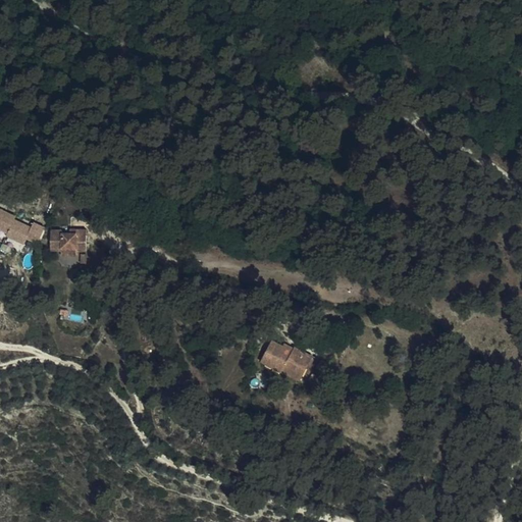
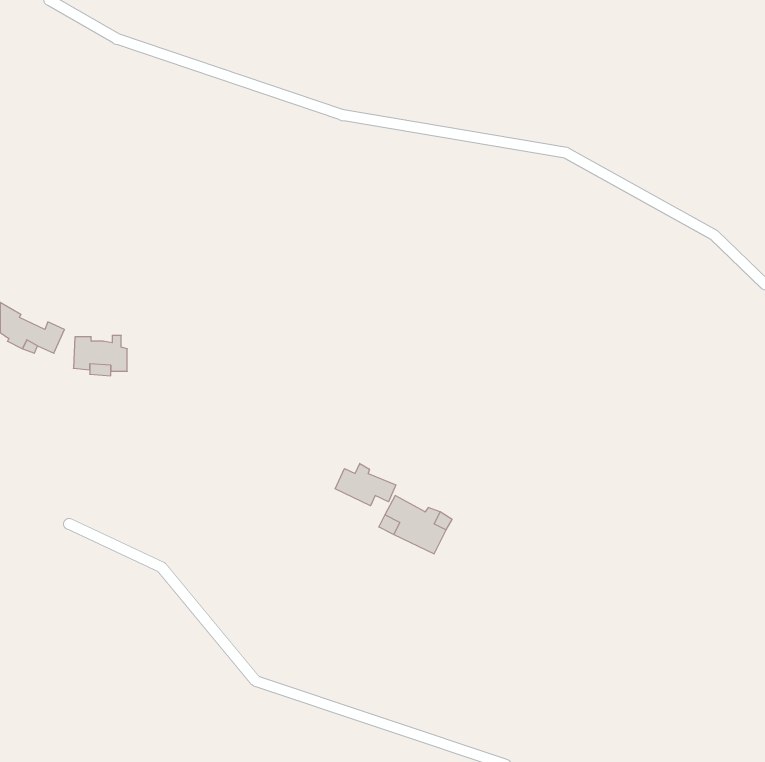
building: none -> [335,463,396,506]

